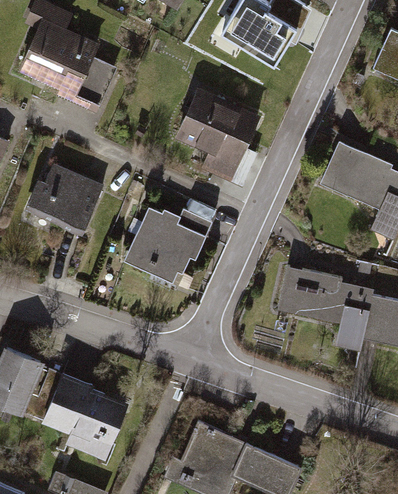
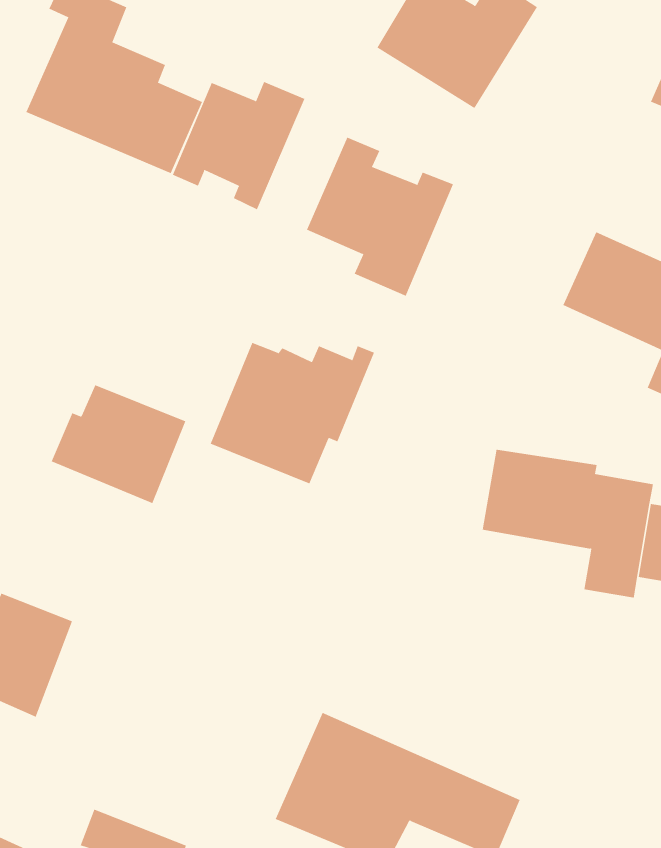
building: none -> [172,81,305,210]
building: [27,165,104,233] -> [51,384,186,504]
building: [44,376,129,463] -> none

